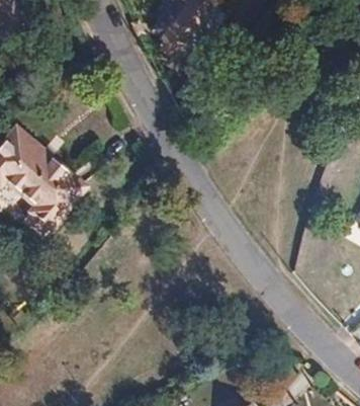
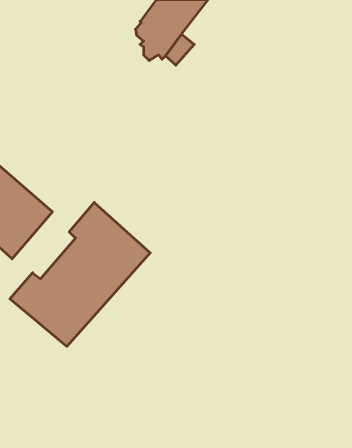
building: none -> [10,202,150,346]

